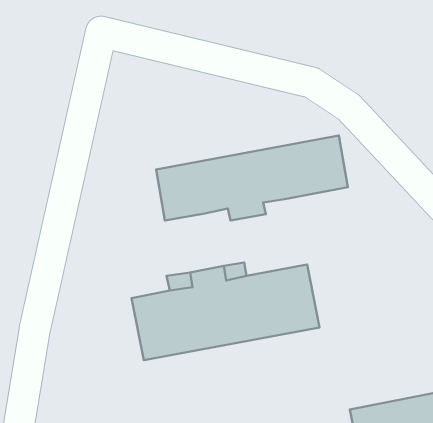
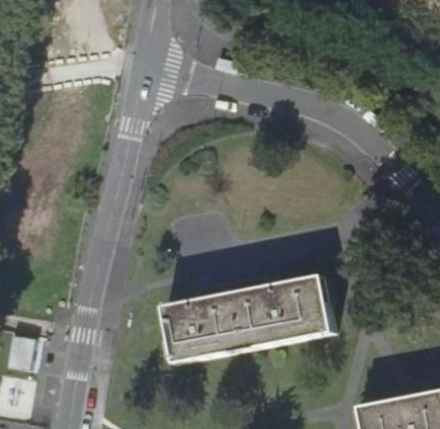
building: [156,135,348,220] -> none

